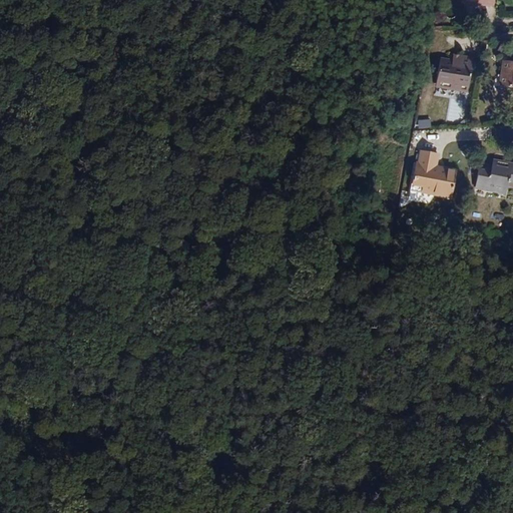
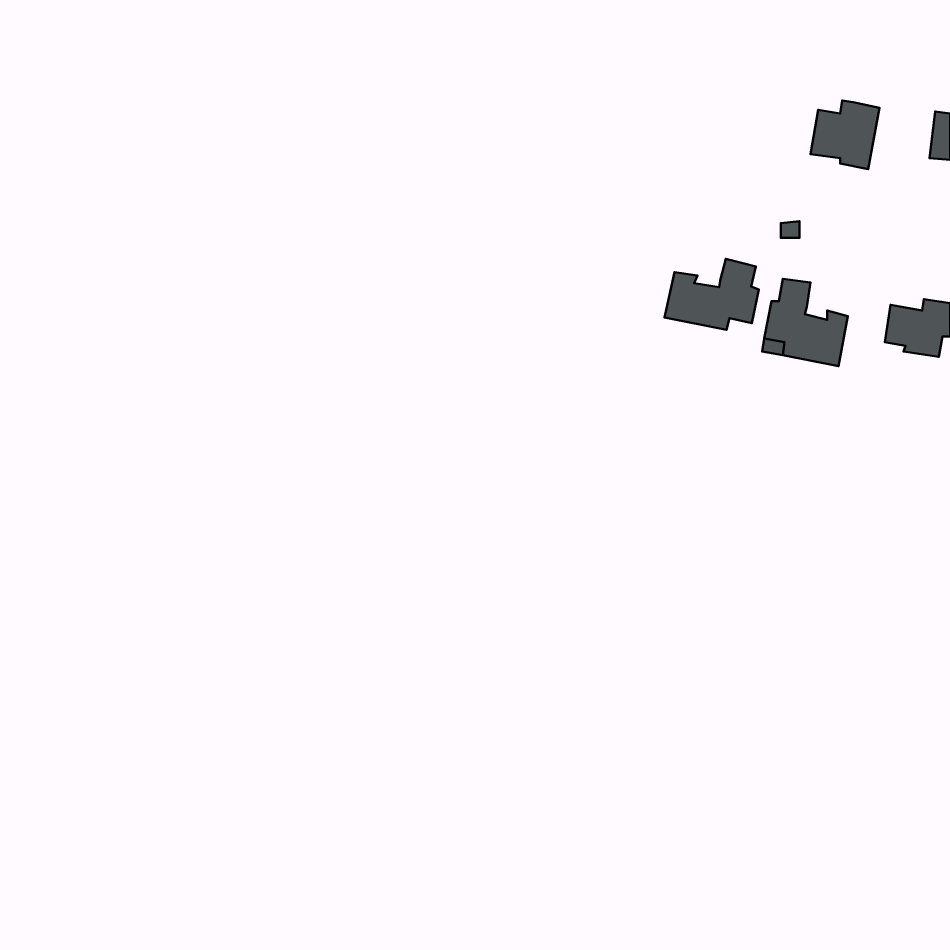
building: none -> [665,259,759,330]

